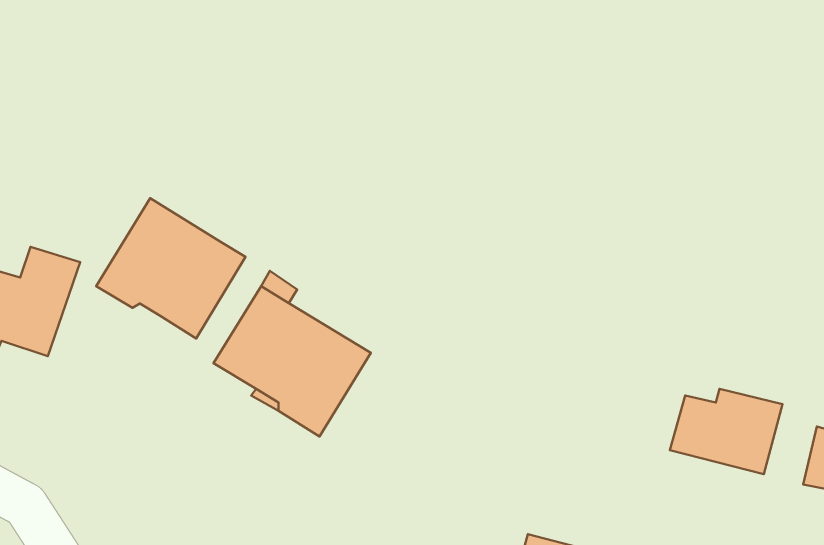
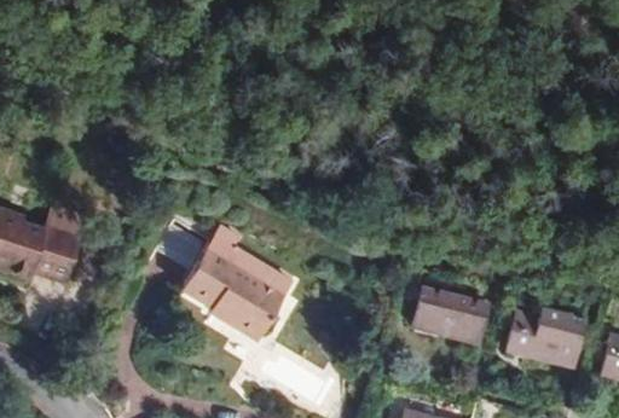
building: [96,198,245,338] -> none
building: none -> [411,286,487,344]

